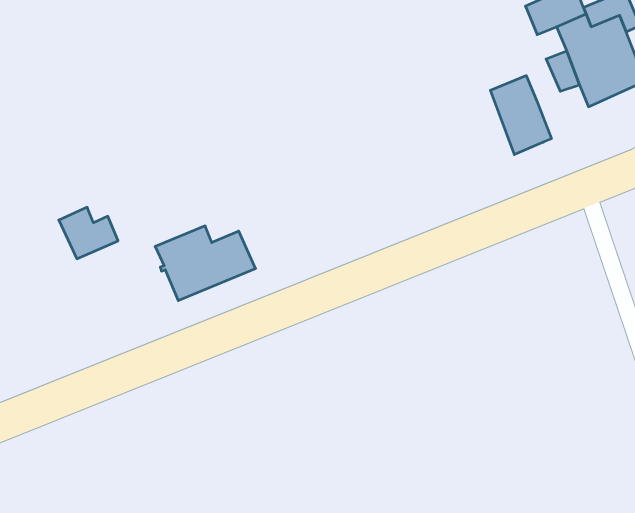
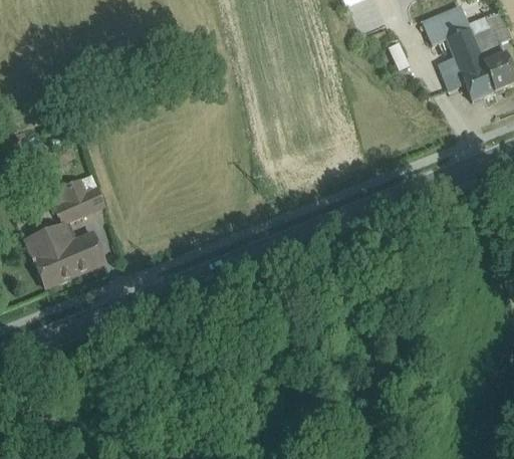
building: [490,76,551,155] -> none
building: [155,226,256,301] -> [26,228,104,286]

